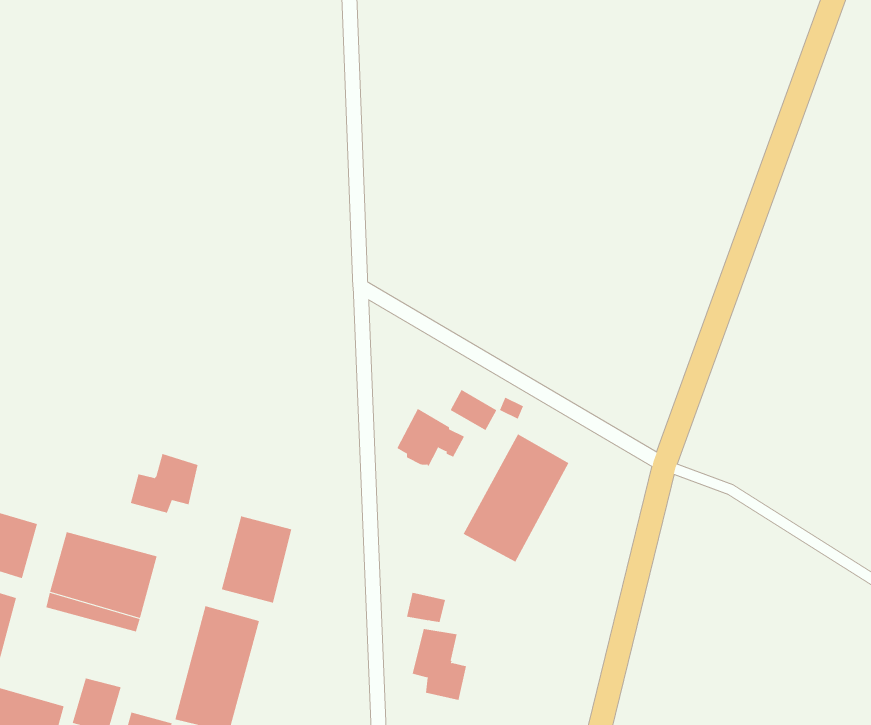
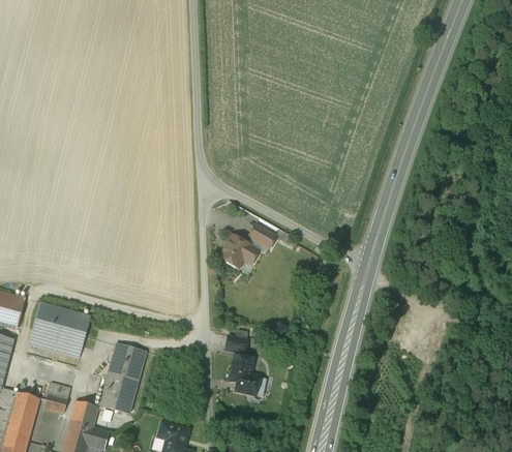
building: [463,434,569,562] -> none
building: [130,453,198,513] -> none
building: [221,516,292,604] -> none

